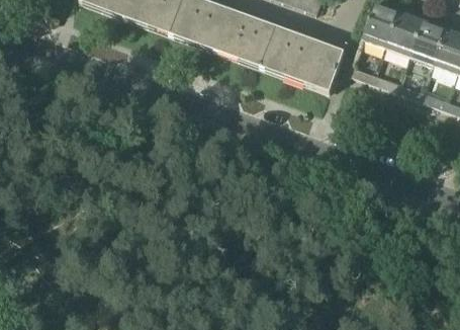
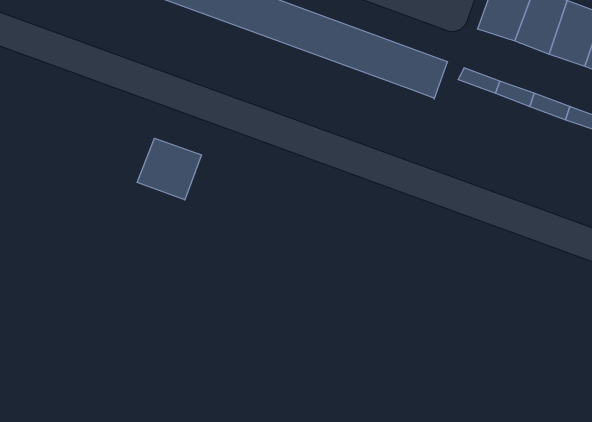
building: none -> [137,138,201,200]

